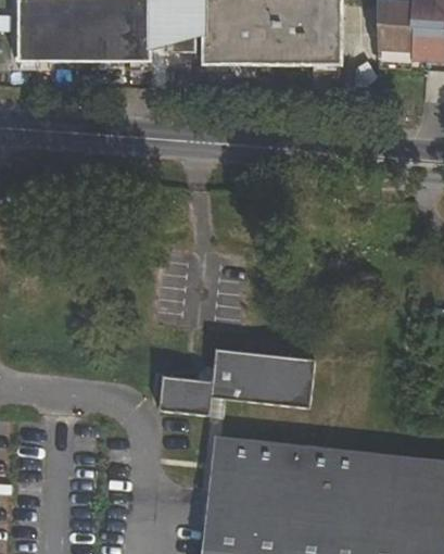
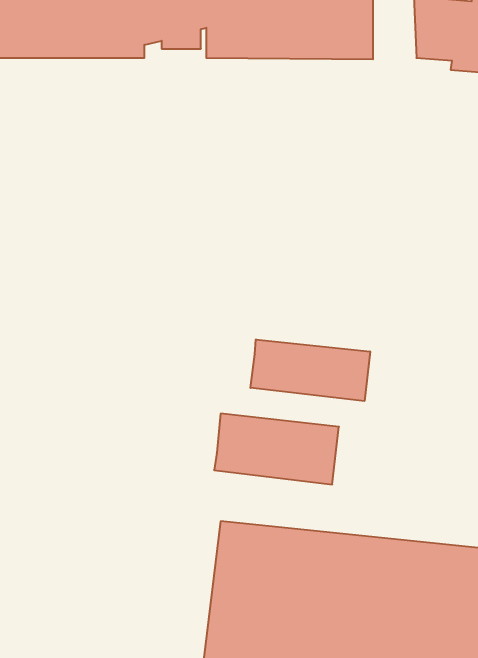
building: none -> [250,339,370,401]
building: [158,377,213,416] -> none

